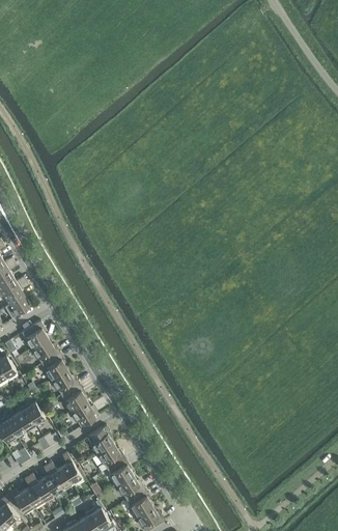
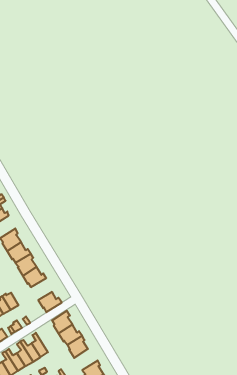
building: [60,385,87,413] -> none
building: [115,475,145,502] -> none

